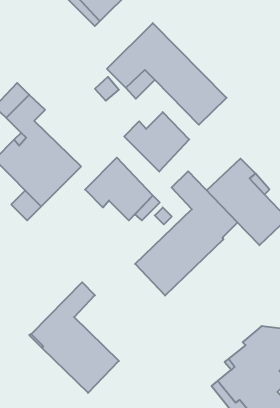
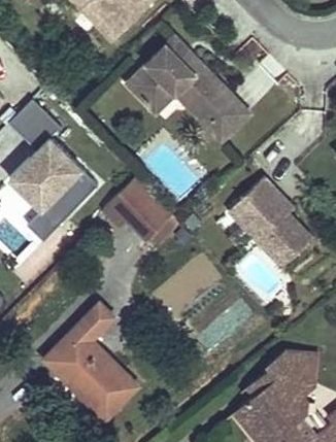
building: [124,112,189,172] -> none
building: [135,171,238,296] -> none

